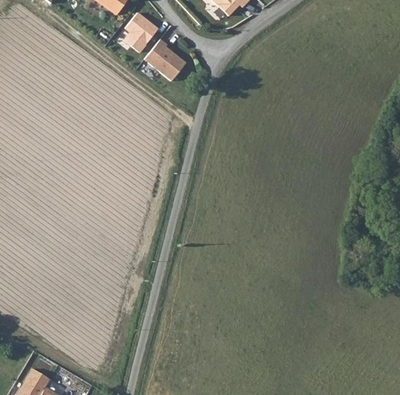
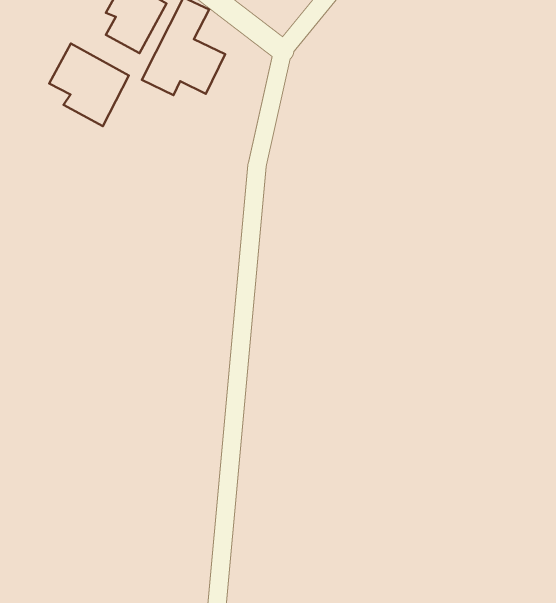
building: none -> [49,44,129,126]

